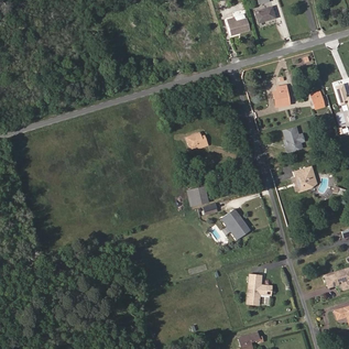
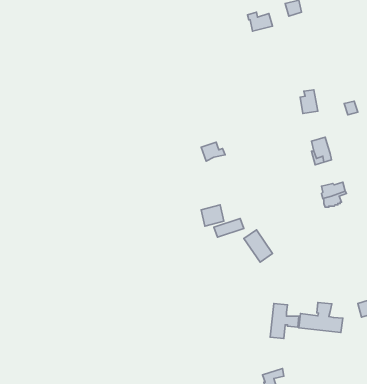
building: none -> [299,302,343,332]

